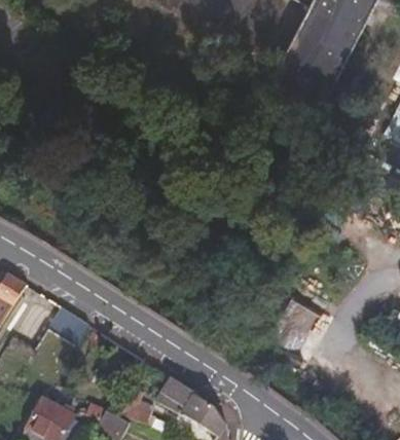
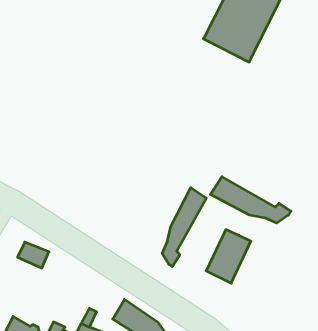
building: none -> [210,177,291,223]
building: none -> [162,188,206,267]

